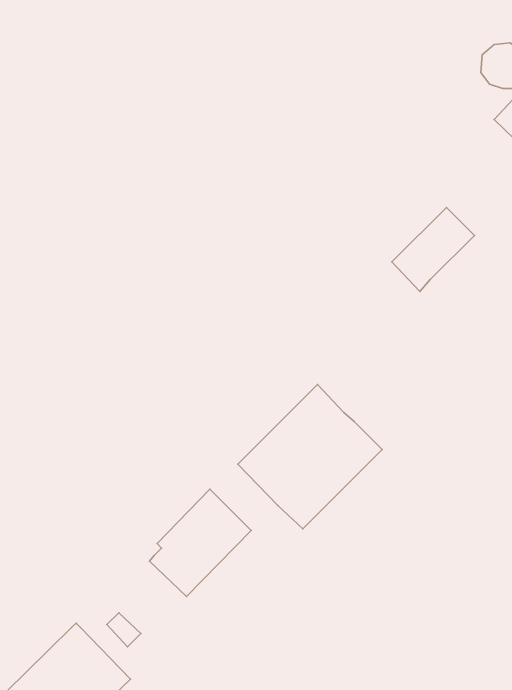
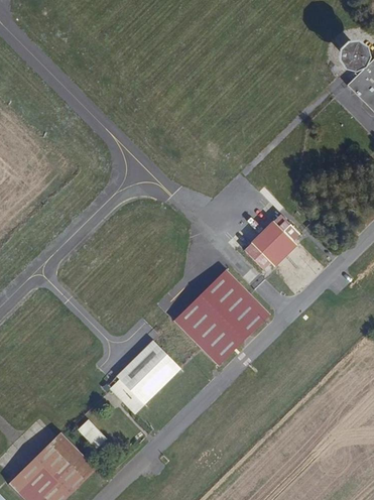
building: [392,207,474,291] -> [245,212,301,269]

